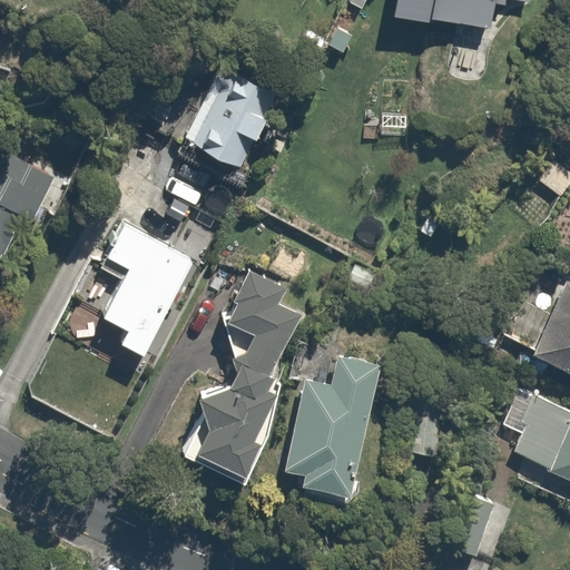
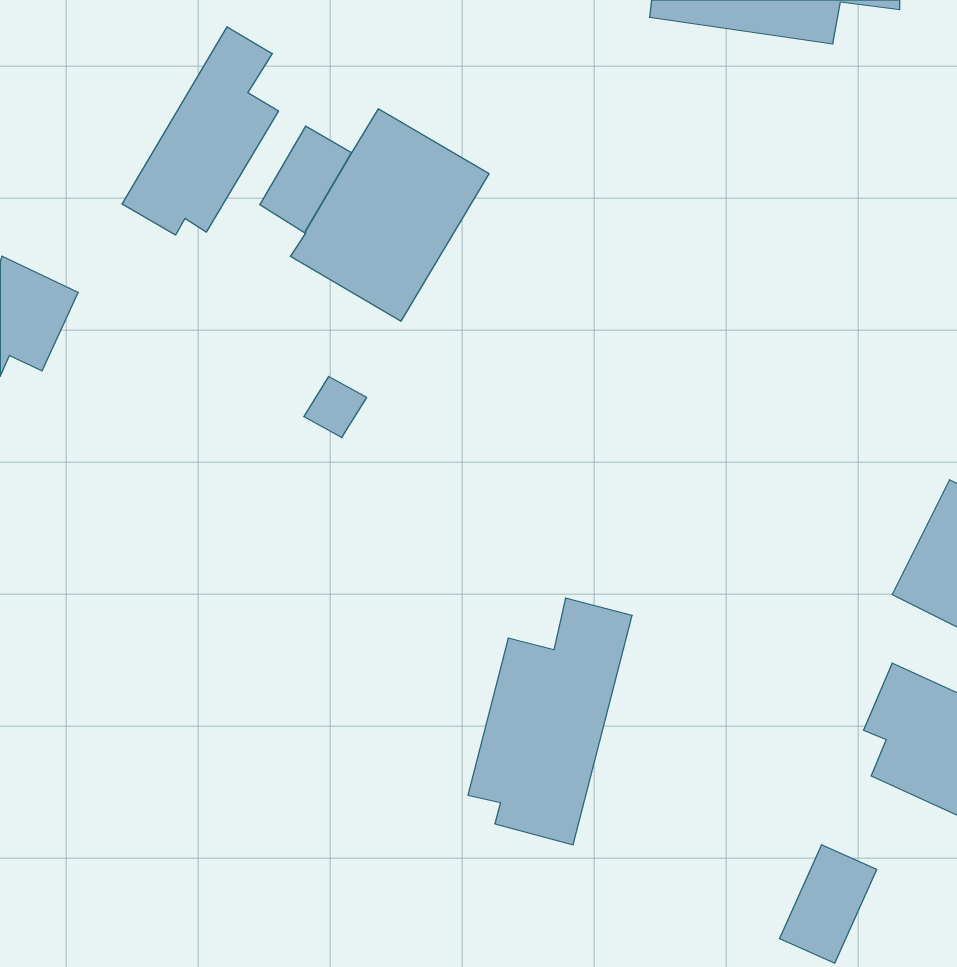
building: none -> [122,27,278,235]
building: [101,220,196,355] -> none
building: [188,269,299,473] -> none

